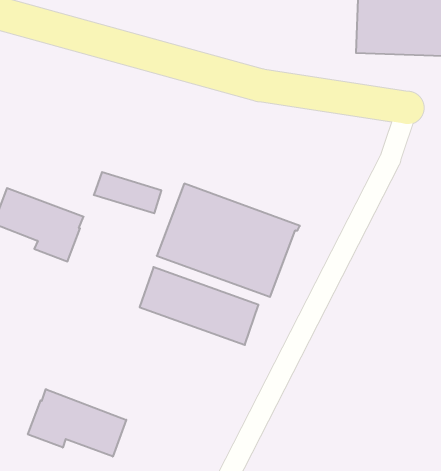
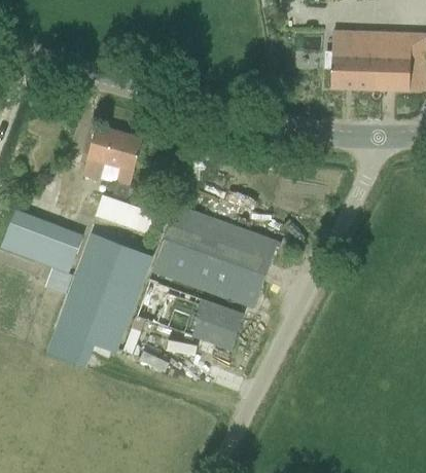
building: none -> [82,124,142,198]
building: none -> [43,223,150,363]
building: [28,389,126,457] -> none

